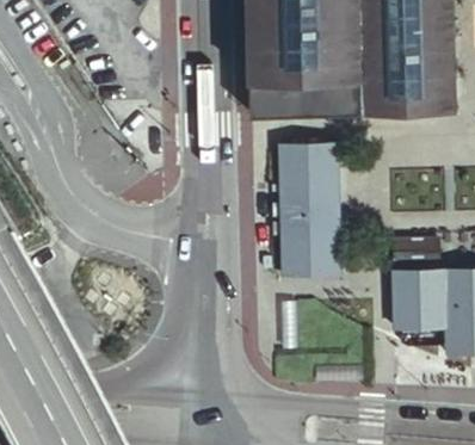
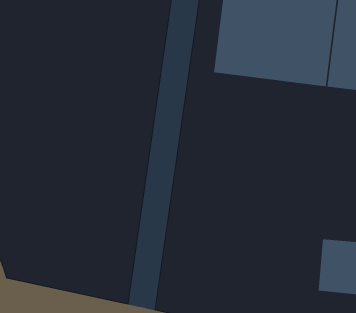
building: [276,146,339,274] -> none

